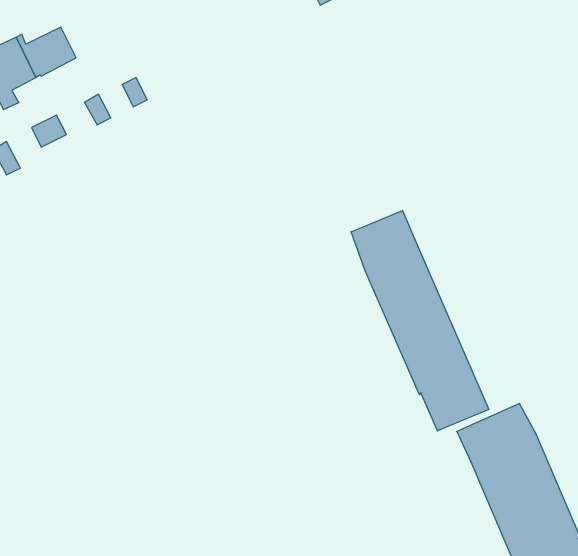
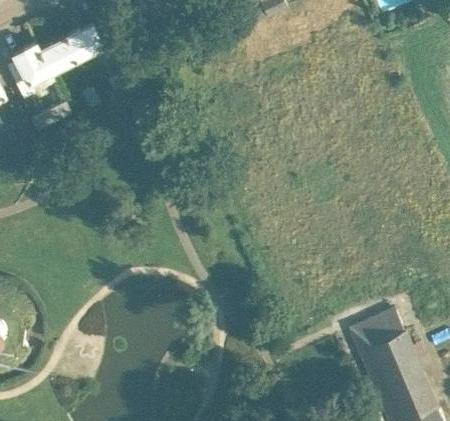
building: none -> [65,26,104,62]
building: [351,210,489,431] -> none

